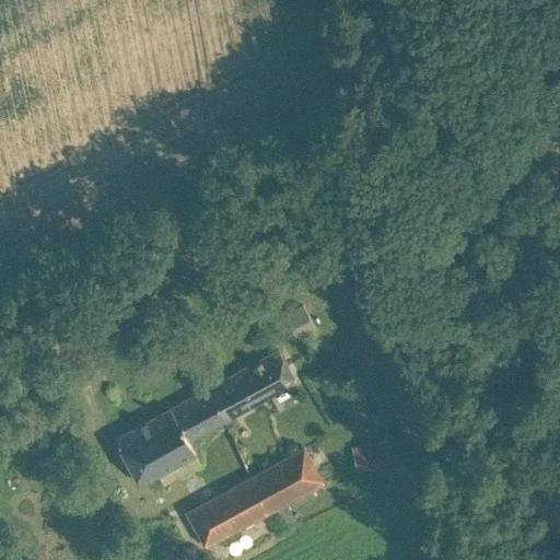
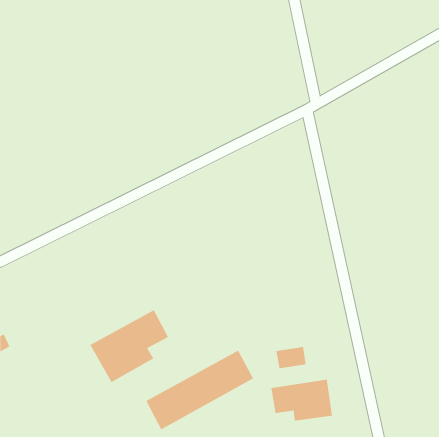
building: [196,352,296,432] -> none
building: none -> [271,379,332,421]

